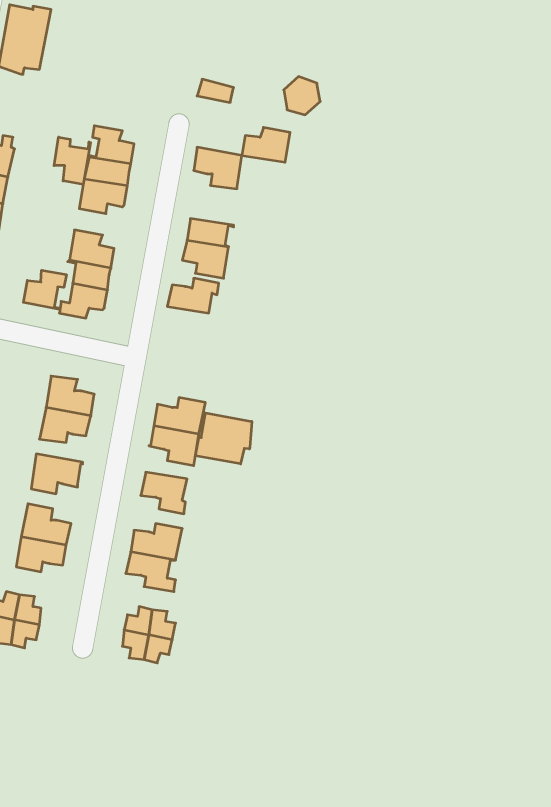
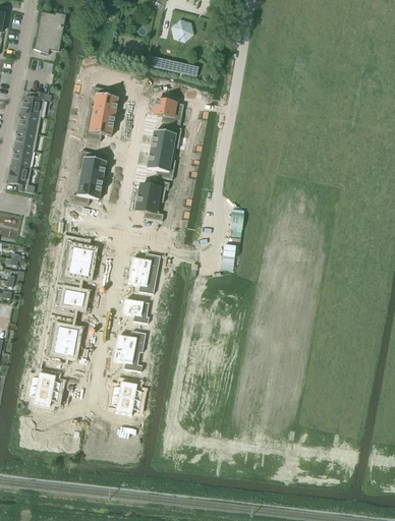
building: [284,77,320,115] -> [171,17,193,41]
building: [242,127,290,162] -> [152,124,181,146]
building: [54,137,91,184] -> none
building: [23,270,66,310] -> none
building: none -> [135,195,163,220]
building: [195,413,252,464] -> none

